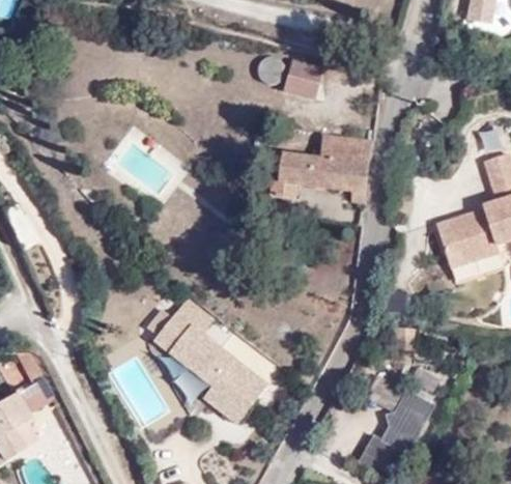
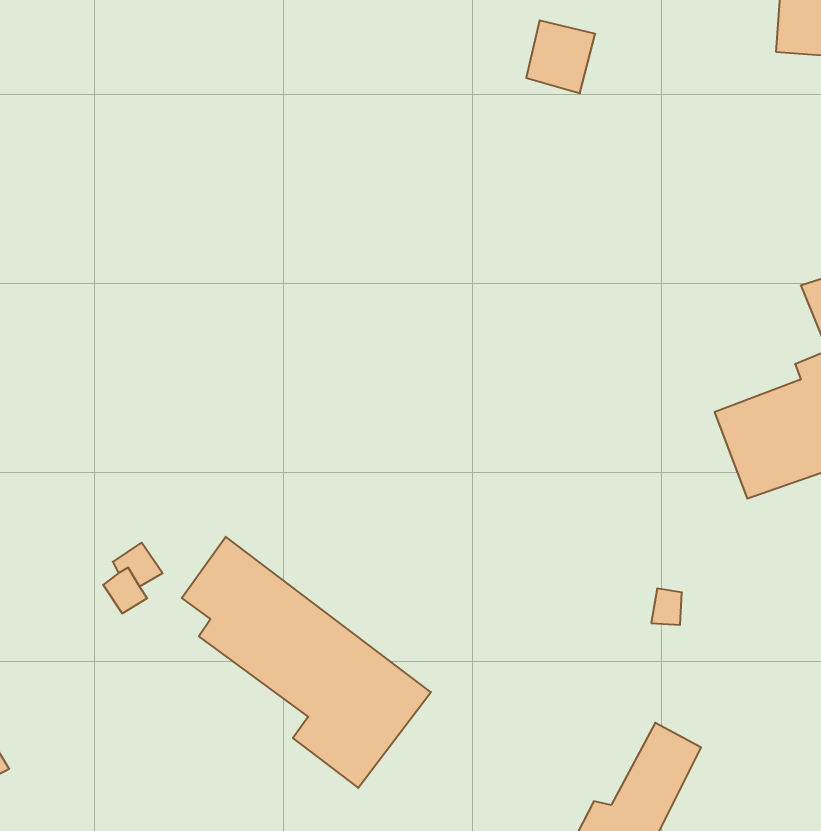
building: [285,55,322,94] -> [526,20,595,93]
building: [271,133,373,202] -> none

